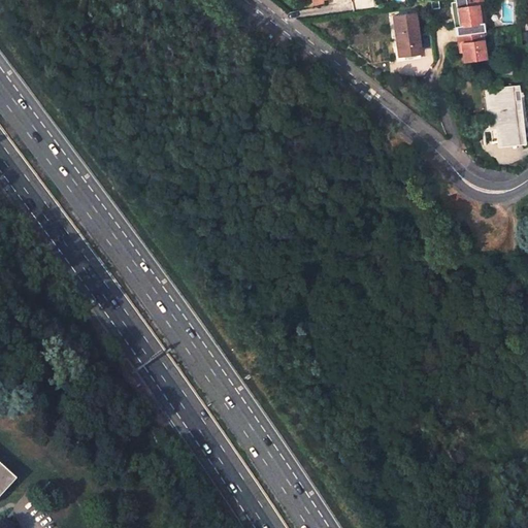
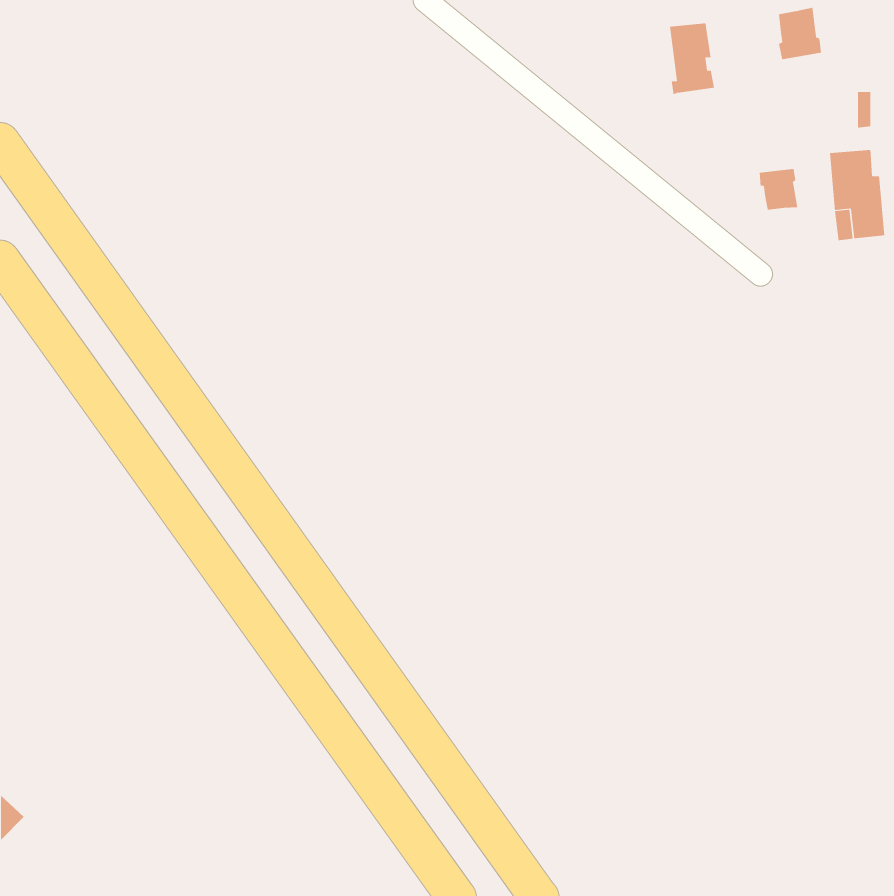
building: [461,32,487,62] -> none
building: none -> [759,168,798,210]

